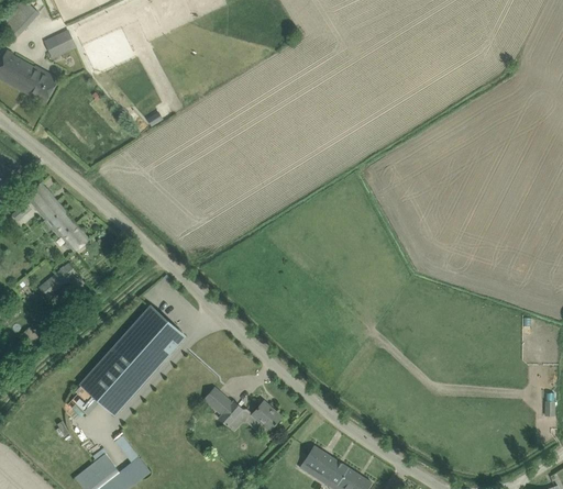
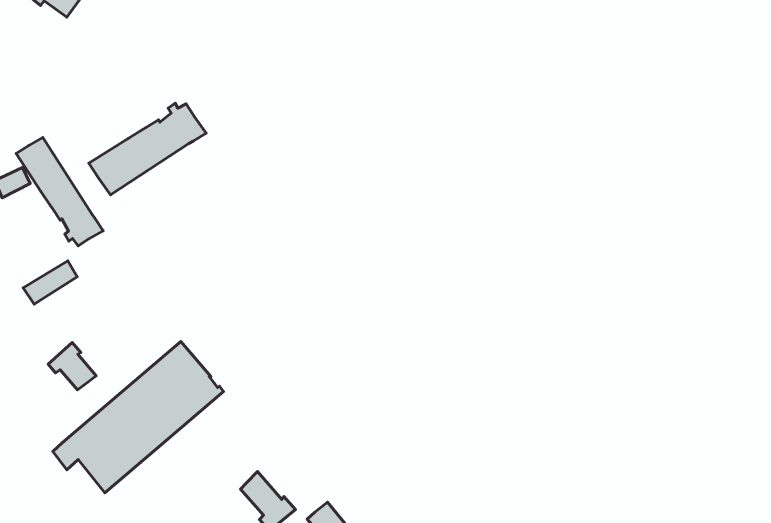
building: none -> [89,103,206,195]
building: none -> [48,343,96,390]

